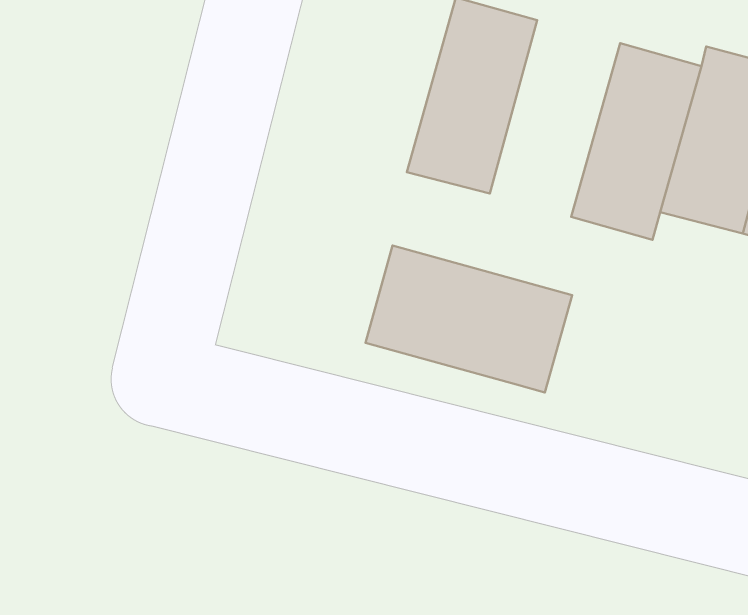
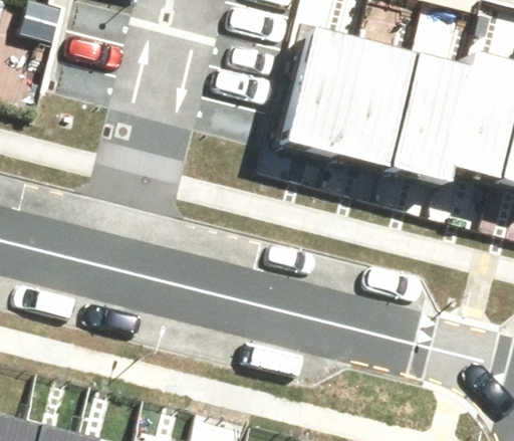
building: none -> [333,37,419,166]
building: [366,245,572,393] -> none

